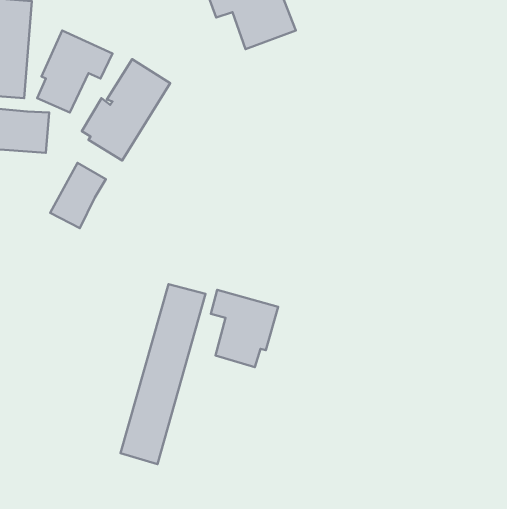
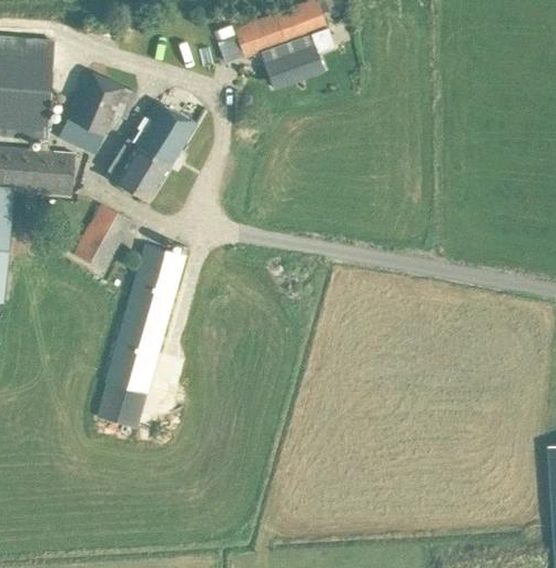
building: [120,284,206,464] -> [97,245,183,428]
building: [211,290,278,367] -> none

